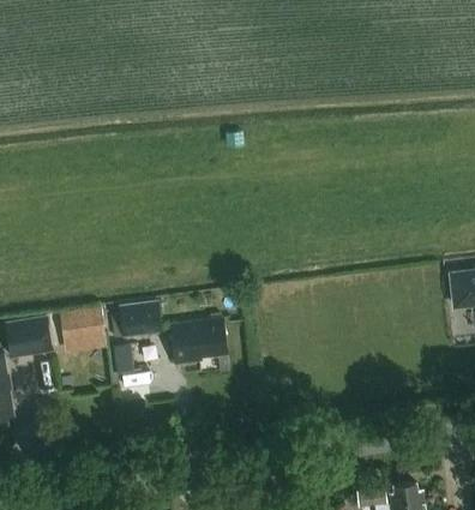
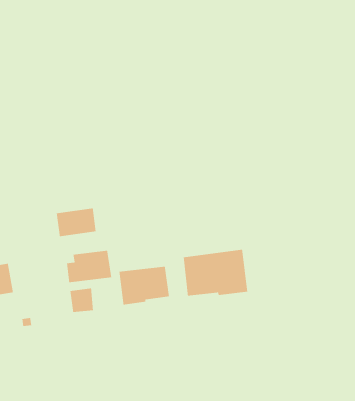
building: none -> [183,249,248,297]
building: [59,310,104,343] -> [56,207,97,237]

